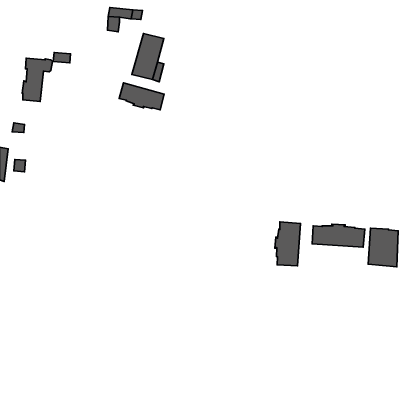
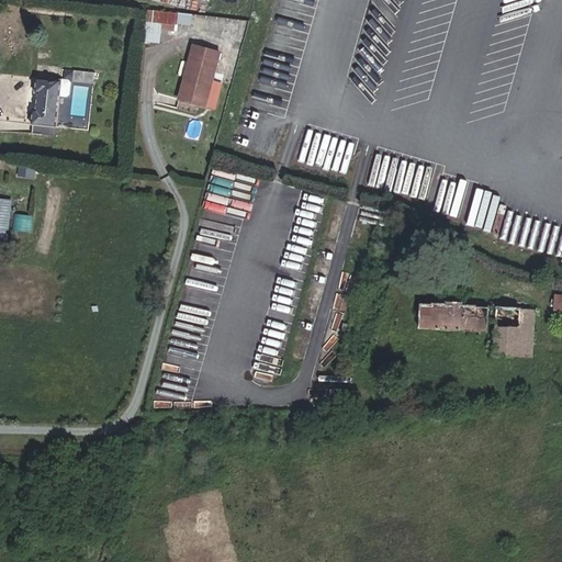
building: [119,83,164,110] -> none
building: [275,222,300,266] -> none

